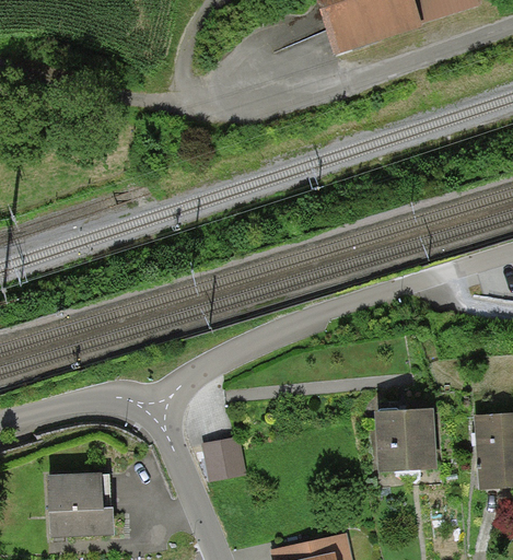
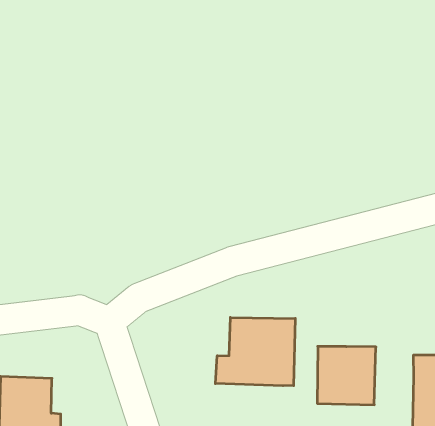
building: none -> [215,317,295,386]
building: [203,436,246,480] -> none

